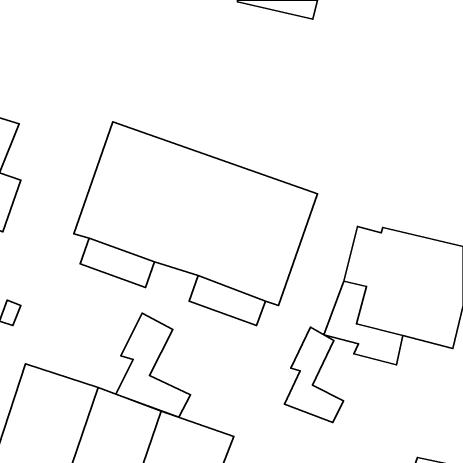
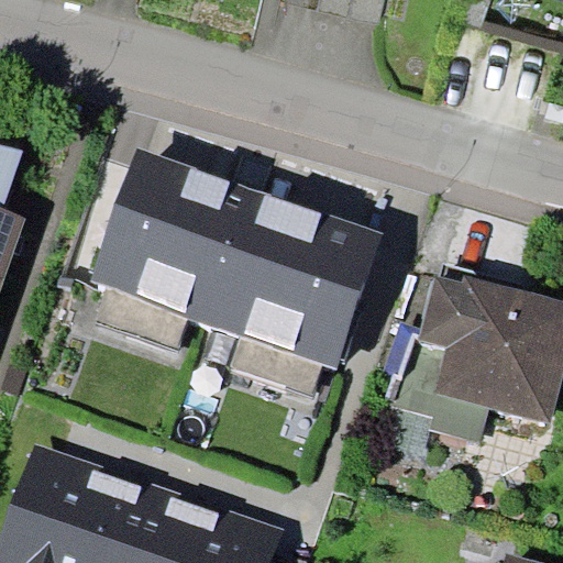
building: [116,313,190,417] -> none
building: [284,327,344,422] -> none

